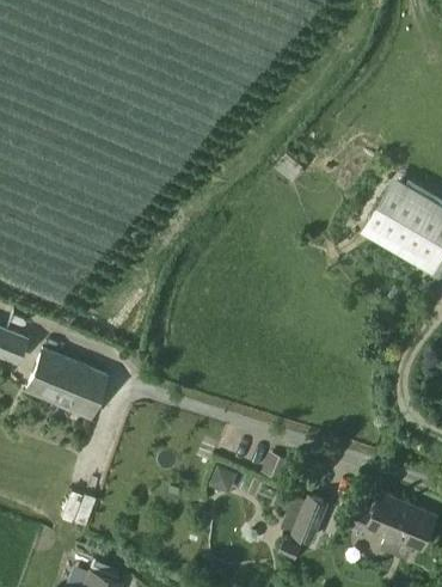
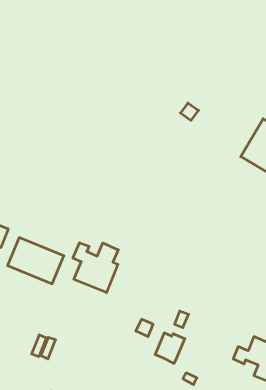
building: none -> [73,243,118,293]
building: [283,496,326,540] -> [155,333,185,363]

